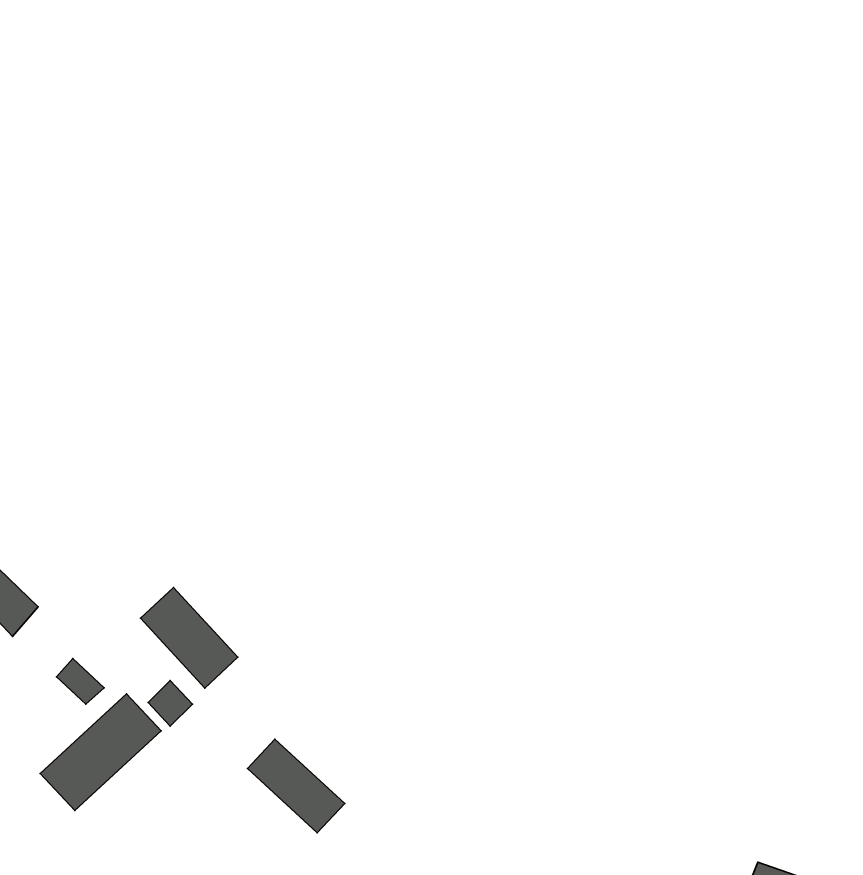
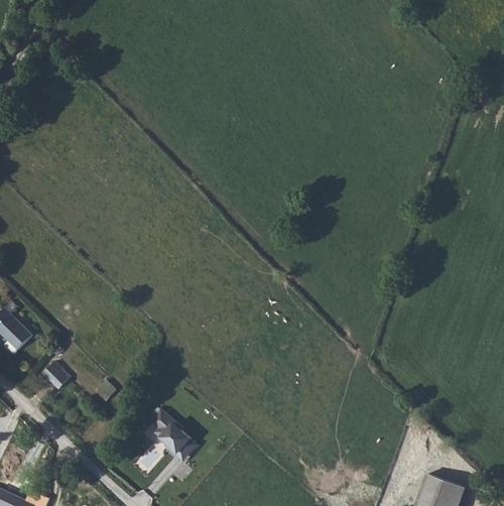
building: [140,587,238,688] -> none
building: [40,694,161,810] -> none

